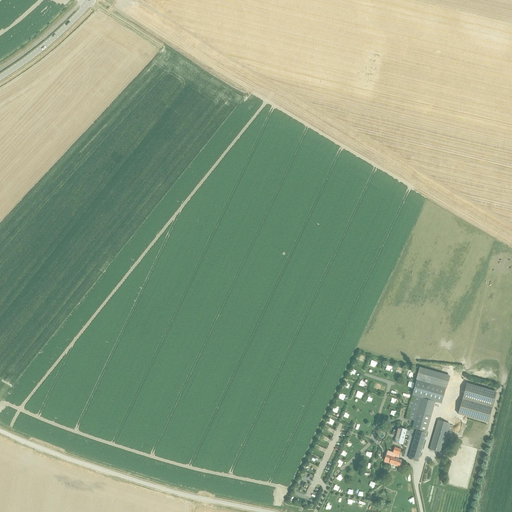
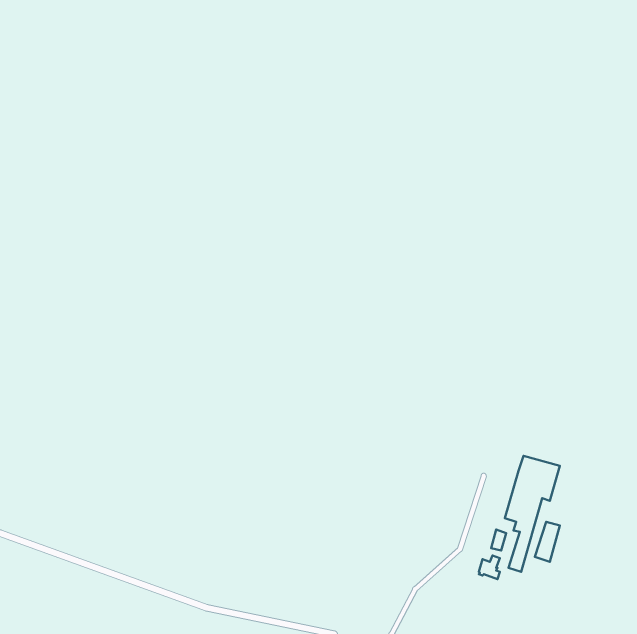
building: [458,381,496,421] -> none

